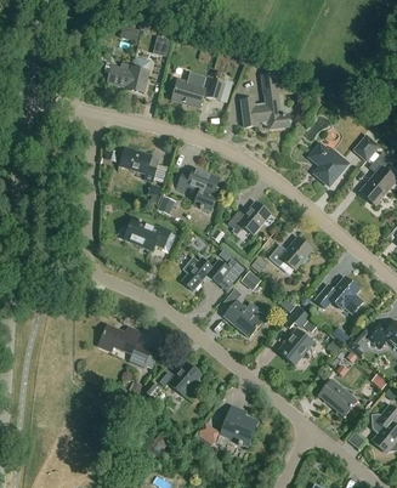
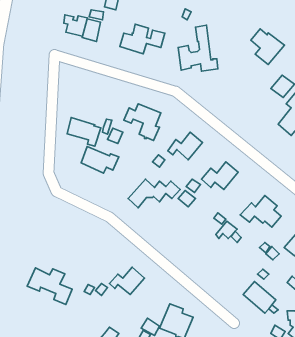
building: [308,143,348,186] -> [251,29,285,65]
building: [119,147,159,181] -> [67,118,101,146]
building: [223,300,270,337] -> none
building: [97,324,151,368] -> [27,268,72,305]
building: [278,329,313,364] -> none

